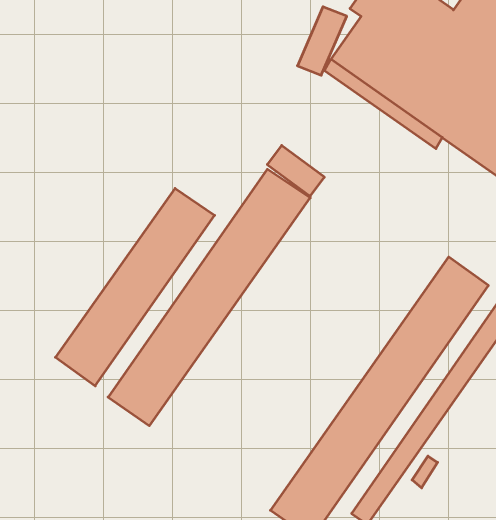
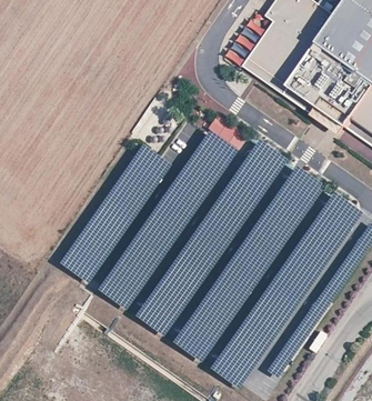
building: none -> [135,139,289,337]
building: none -> [172,166,326,362]

